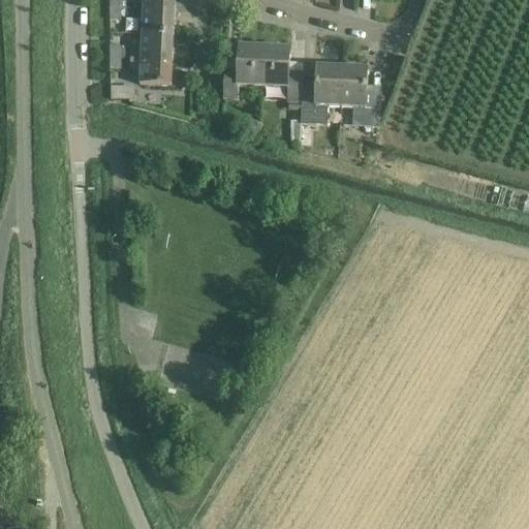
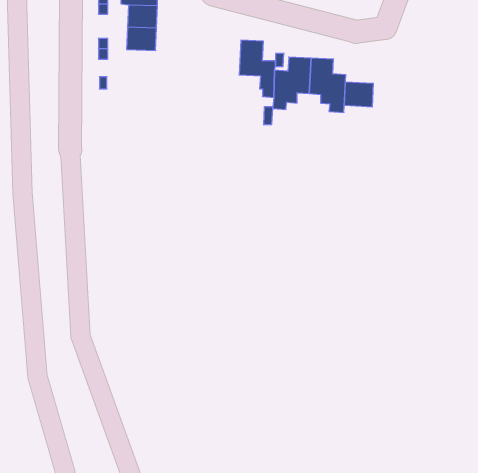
building: [223,42,266,95] -> none
building: [130,55,172,82] -> none
building: none -> [345,82,373,107]

